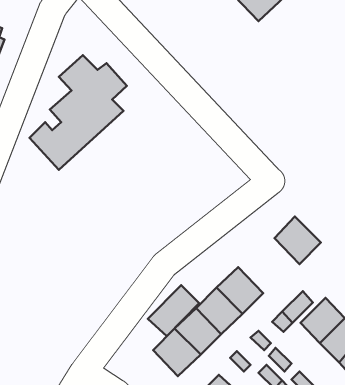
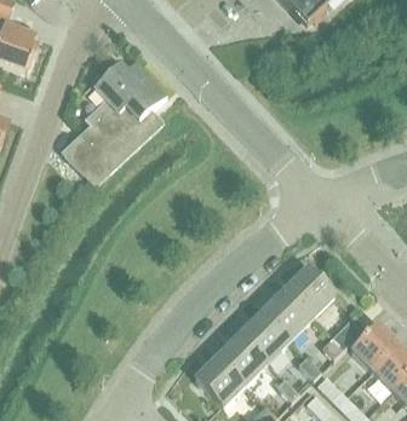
building: [274,217,321,264] -> [285,266,334,317]
building: [148,285,199,336] -> none

